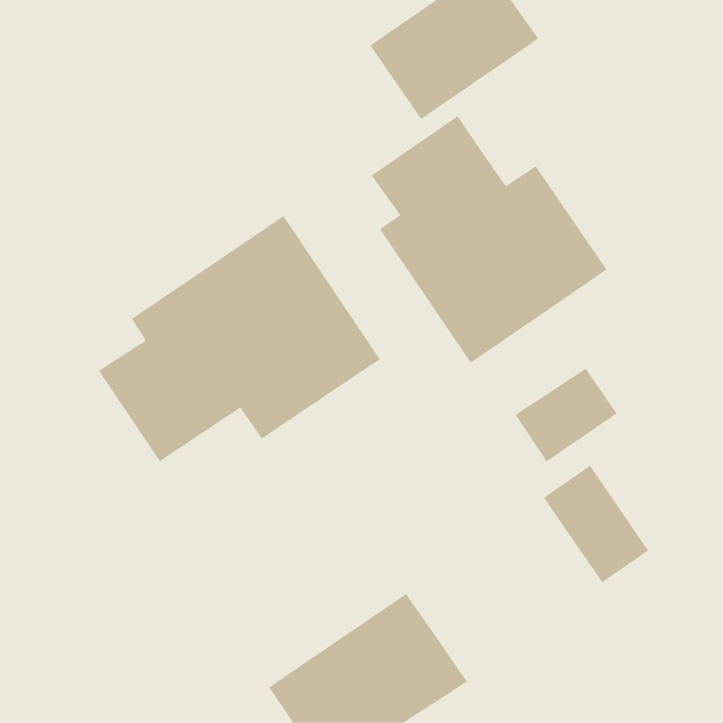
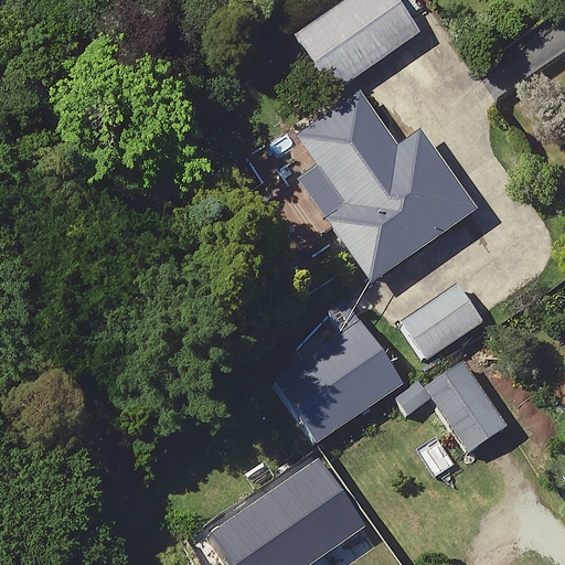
building: [98,215,380,462] -> none
building: none -> [275,322,403,441]

